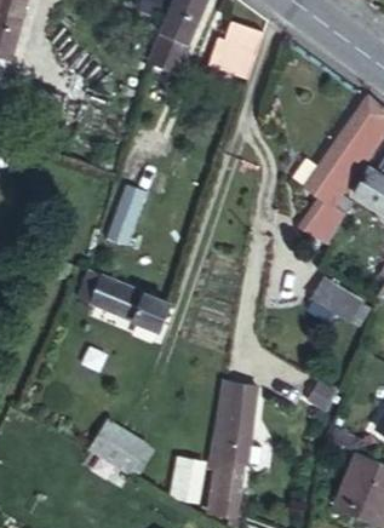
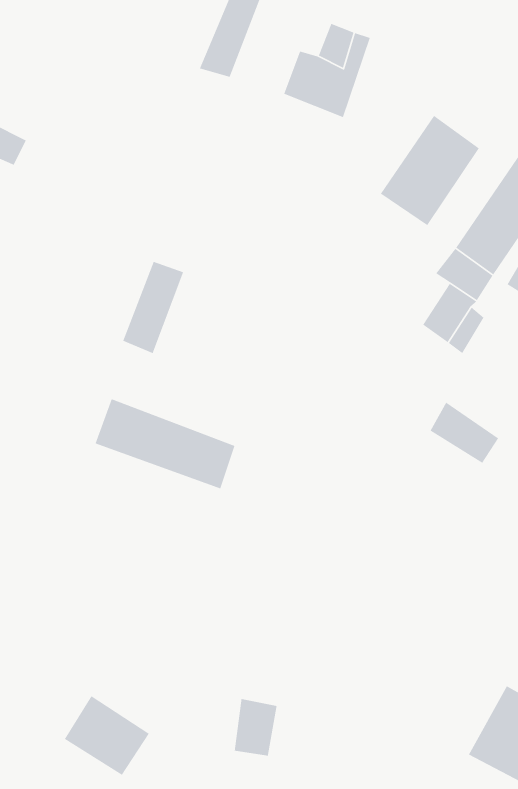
building: none -> [380,115,480,226]
building: [211,386,264,521] -> none
building: [87,418,144,471] -> [64,695,150,776]

